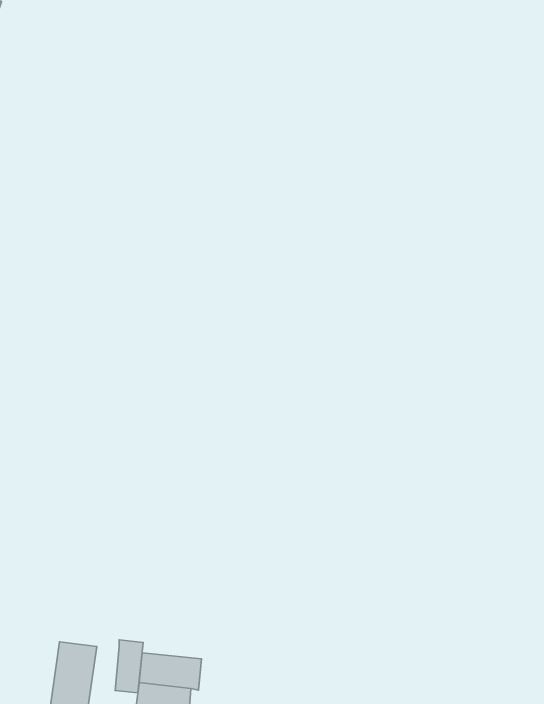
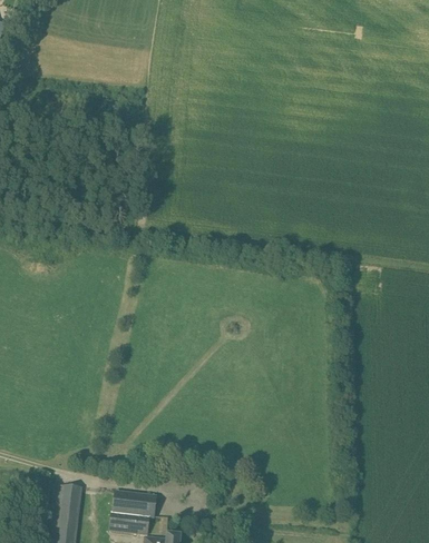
building: [115,640,143,693] -> none

